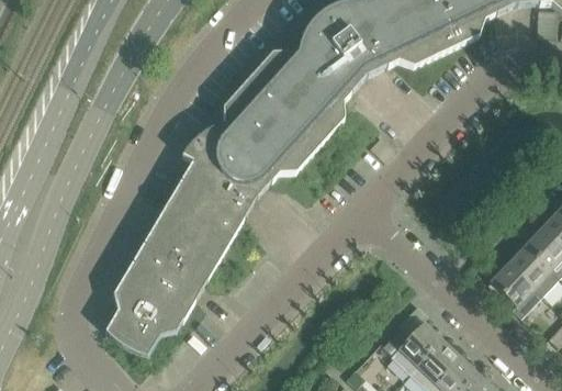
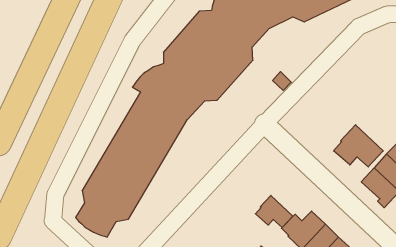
building: none -> [334,125,383,167]
building: none -> [255,195,293,227]

